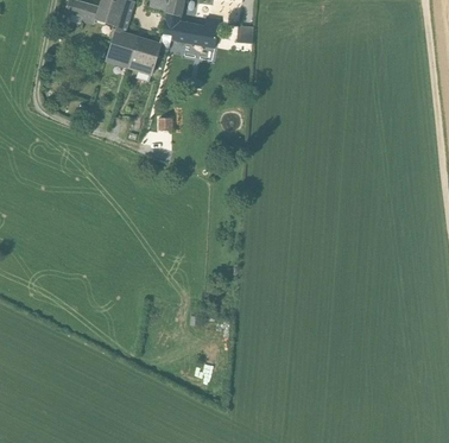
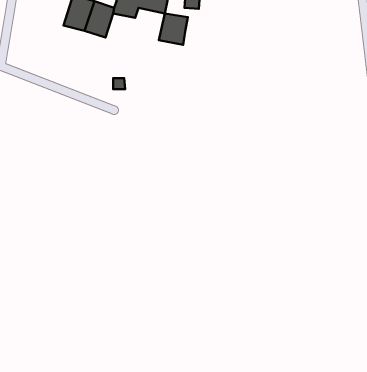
building: none -> [159,13,188,45]

